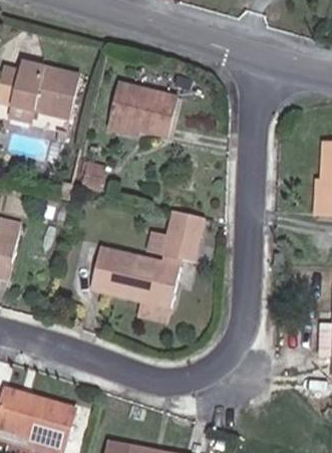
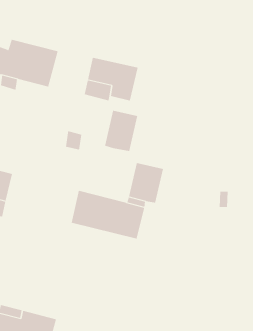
building: none -> [105,110,138,152]

